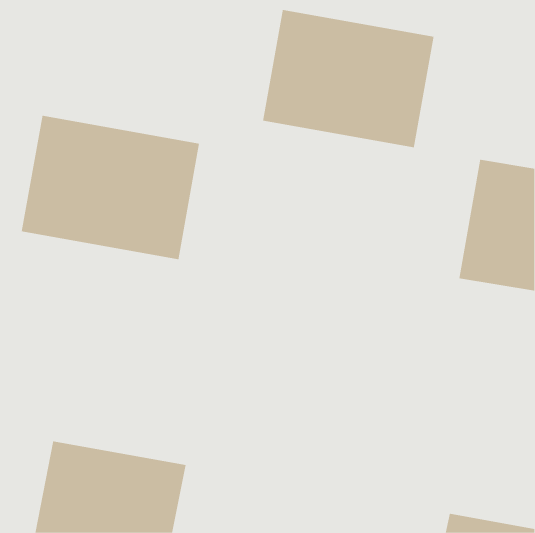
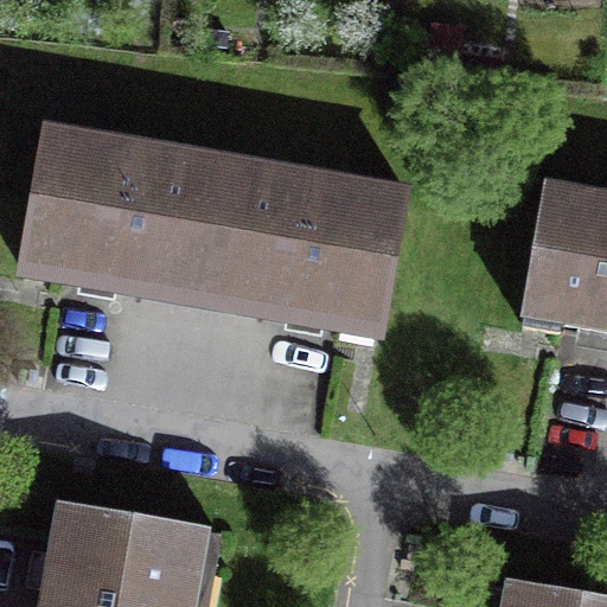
building: [263,9,434,148] -> none
building: none -> [203,162,405,325]

